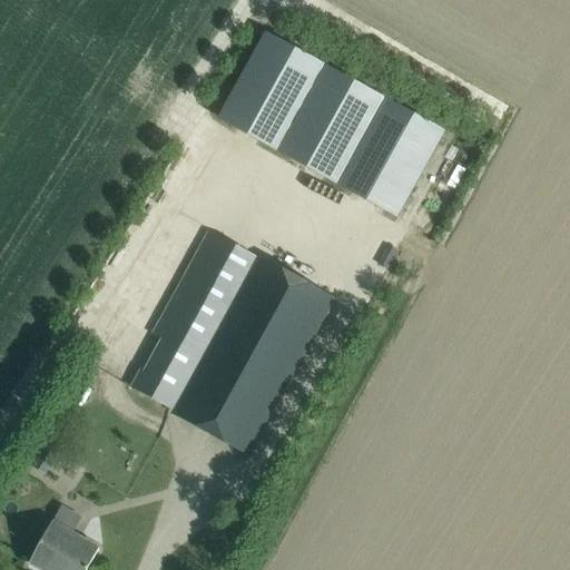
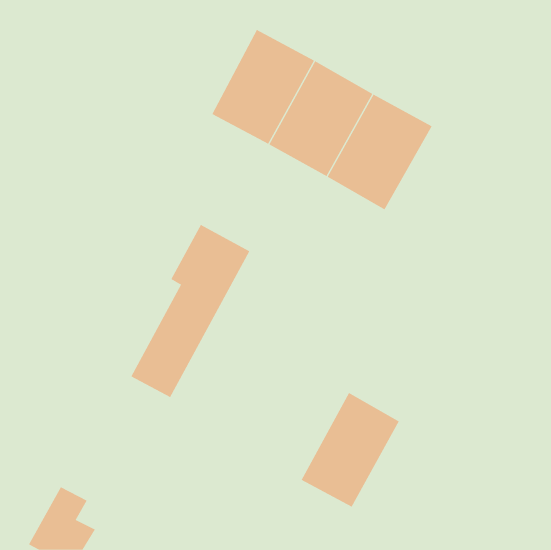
building: [175,259,330,451] -> none
building: none -> [301,392,399,507]

